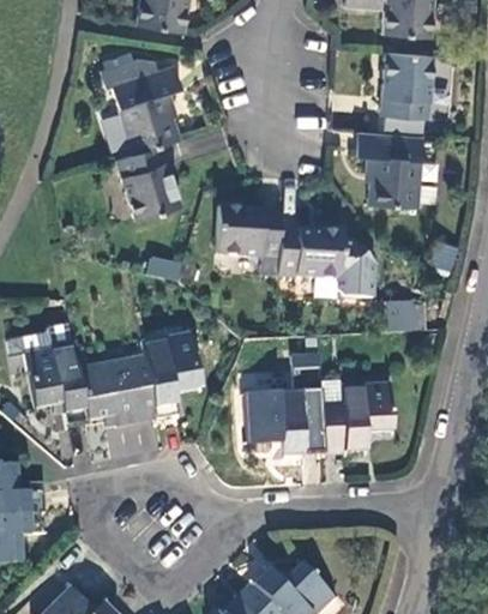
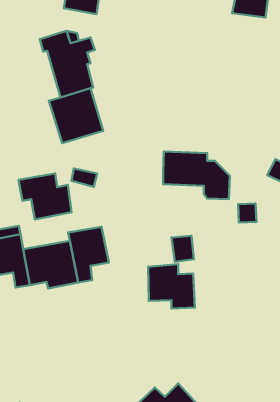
building: [378,48,433,118] -> none
building: [356,127,424,205] -> none
building: [216,207,282,275] -> none
building: none -> [18,174,71,219]
building: [323,384,393,452] -> none

